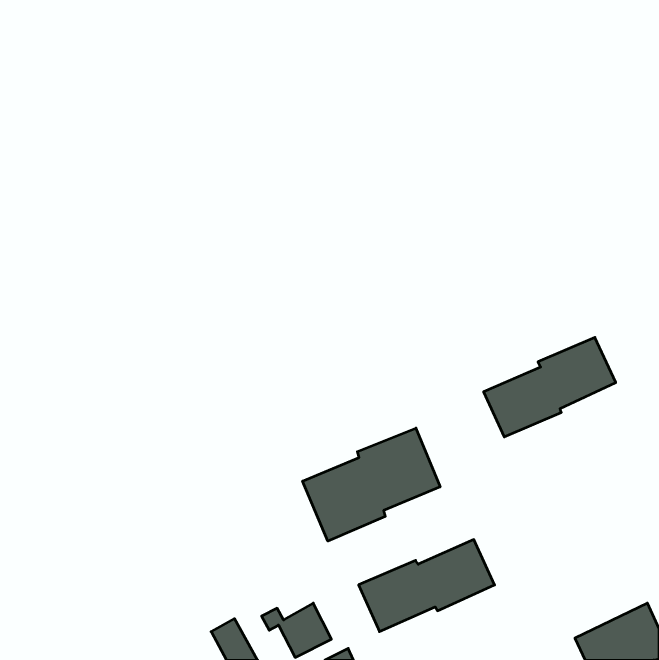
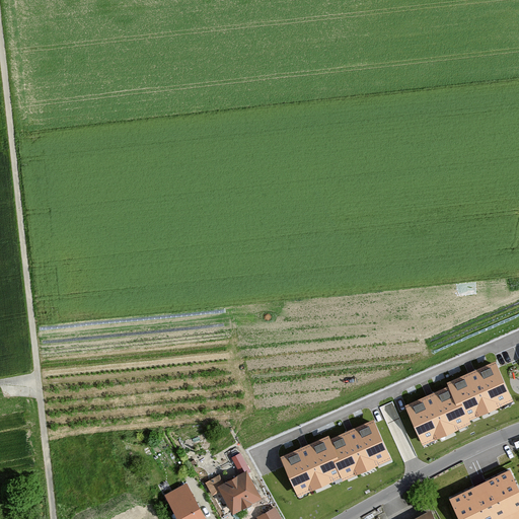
building: [484,337,616,437] -> [405,364,509,442]
building: [303,428,440,541] -> none

